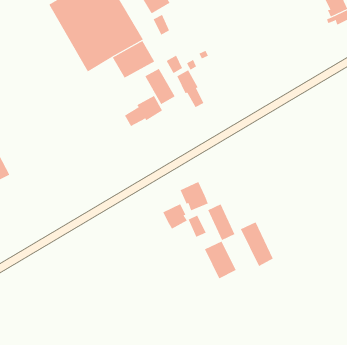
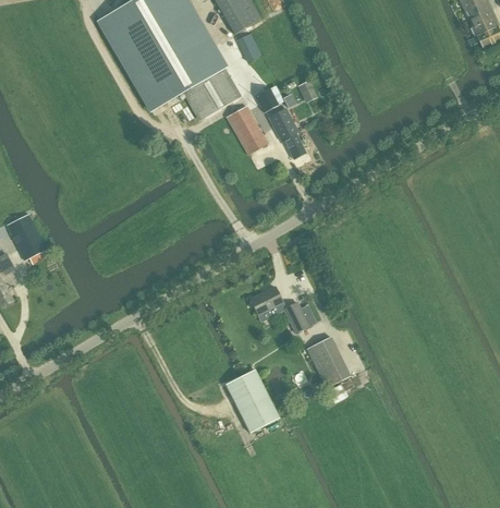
building: [124,95,163,127] -> none
building: [180,181,209,211] -> none
building: [208,203,235,241] -> none
building: [240,221,274,267] -> none
building: none -> [225,368,279,432]

